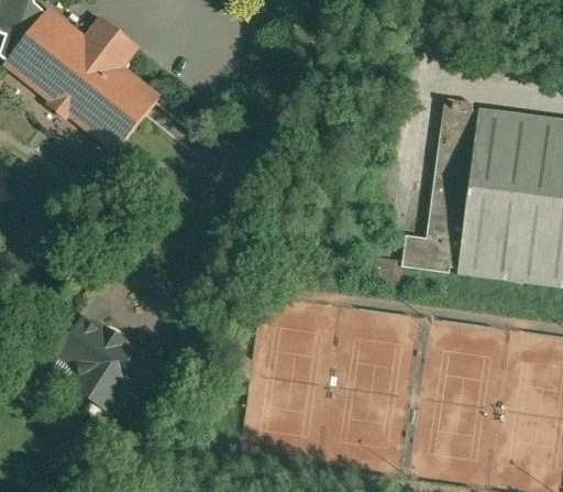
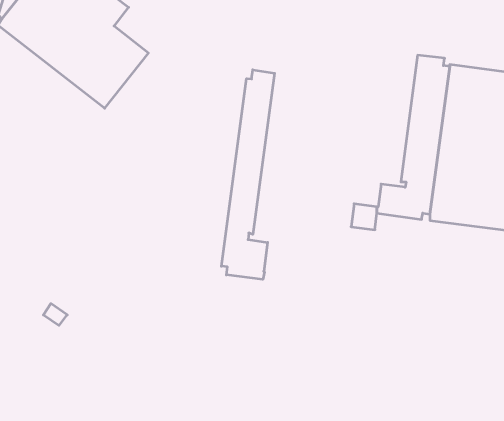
building: none -> [221,70,275,279]
building: [63,320,161,411] -> none

